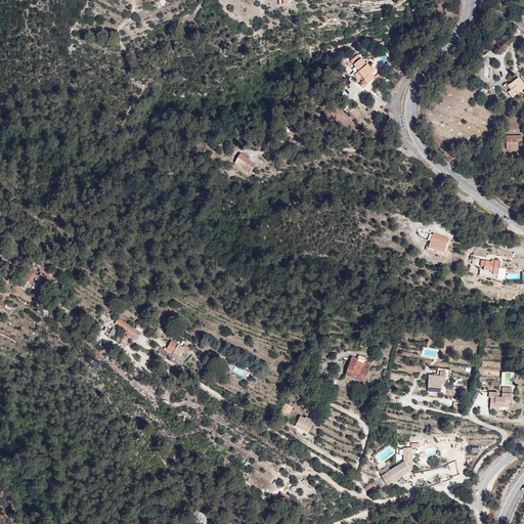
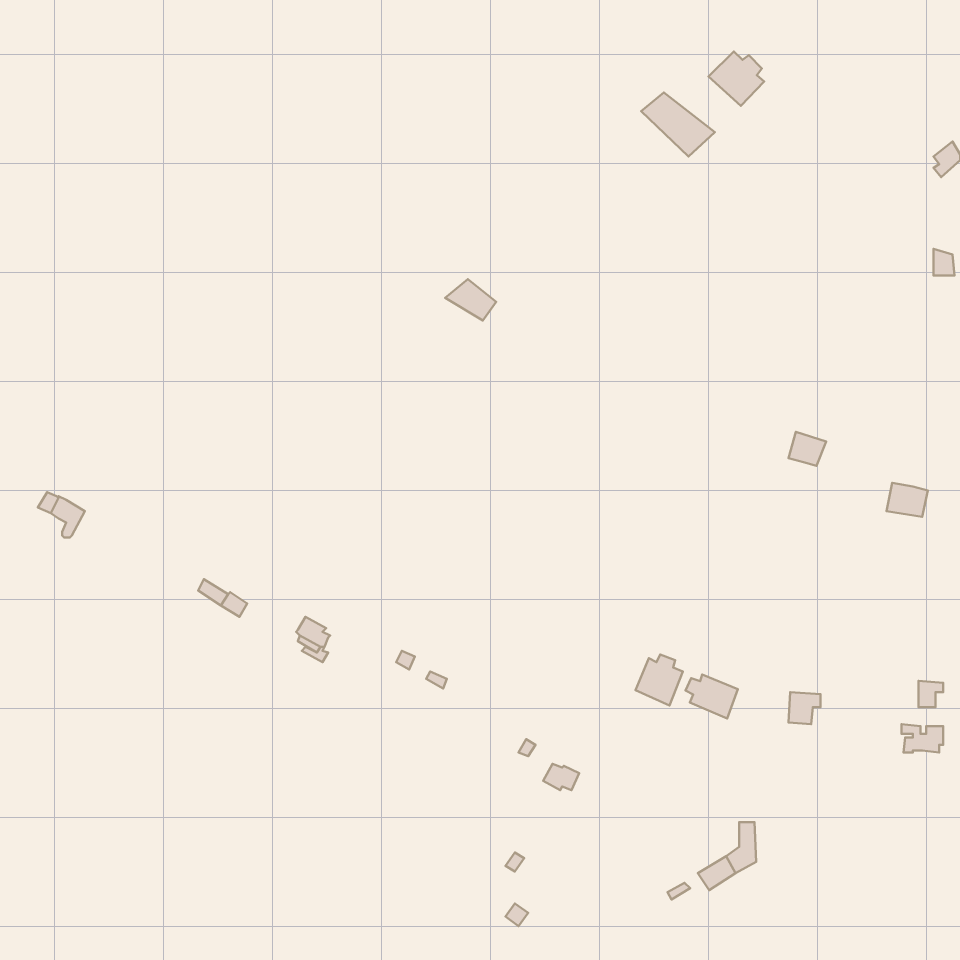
building: none -> [709,51,764,106]
building: none -> [686,674,738,718]

